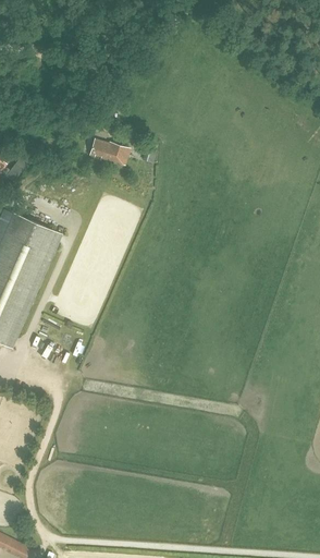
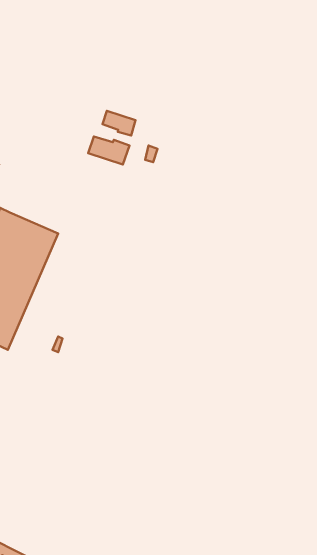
building: none -> [103,111,136,136]

